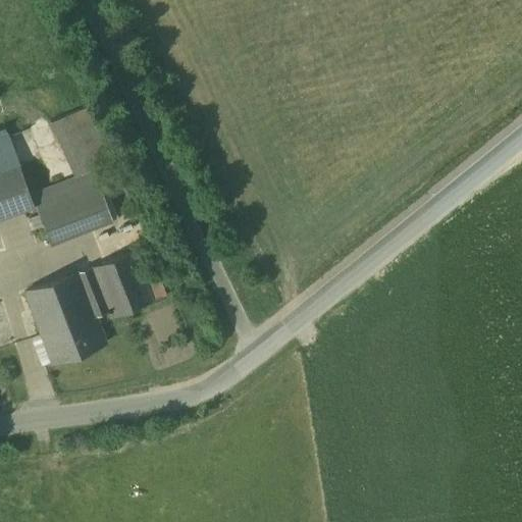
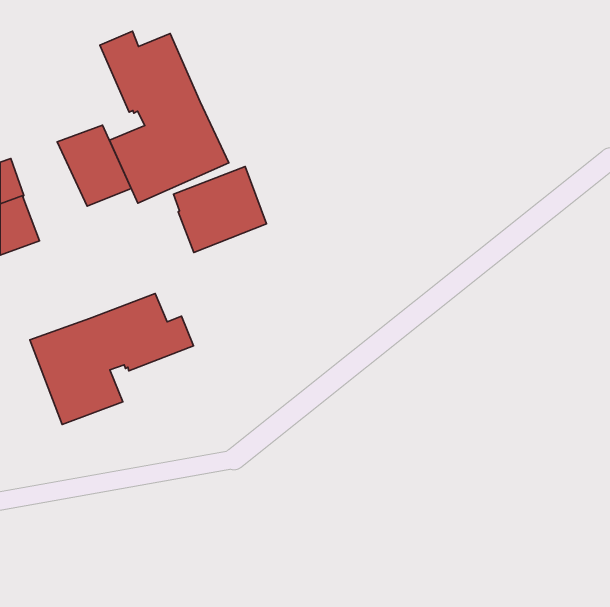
building: none -> [100,31,229,203]
building: [32,173,111,247] -> [174,167,267,253]

